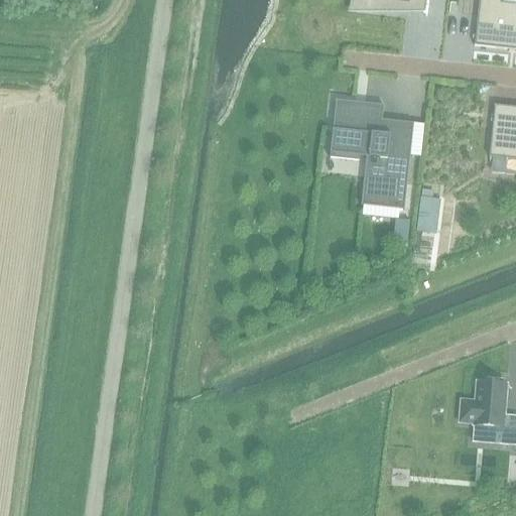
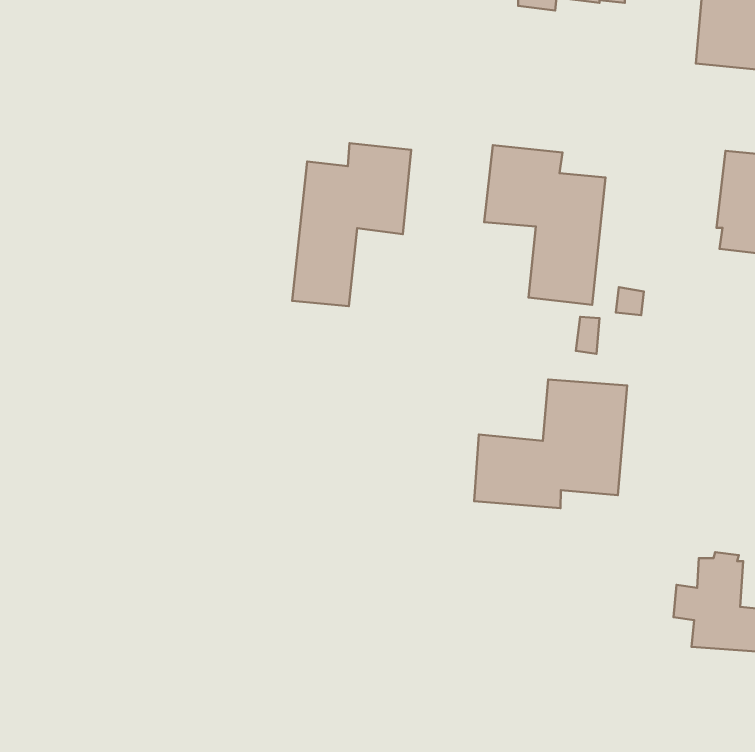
building: none -> [292,143,411,306]
building: none -> [474,380,627,508]

